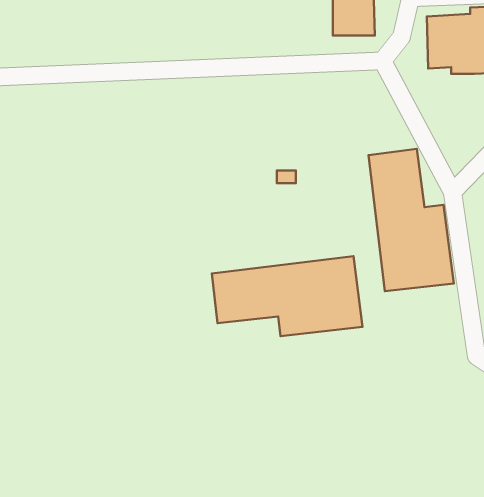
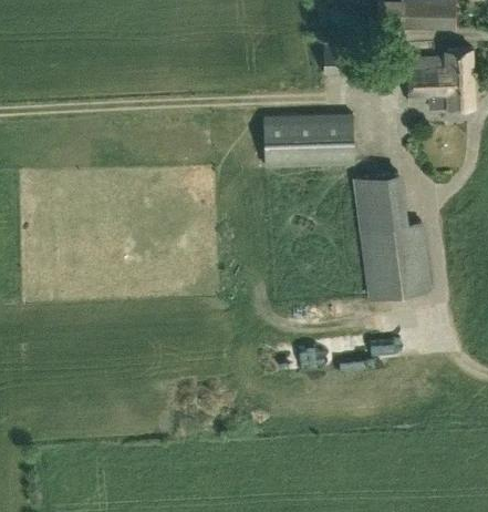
building: none -> [262,115,352,166]
building: [212,256,363,336] -> none

